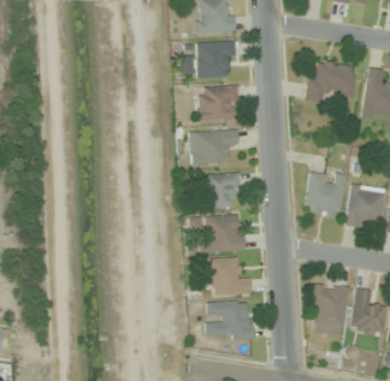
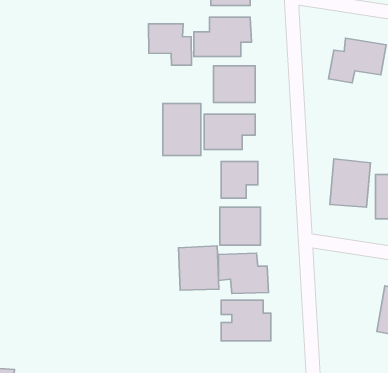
building: none -> [149,24,192,65]
building: none -> [163,104,201,155]
building: none -> [179,246,219,290]
building: [309,281,350,337] -> none

